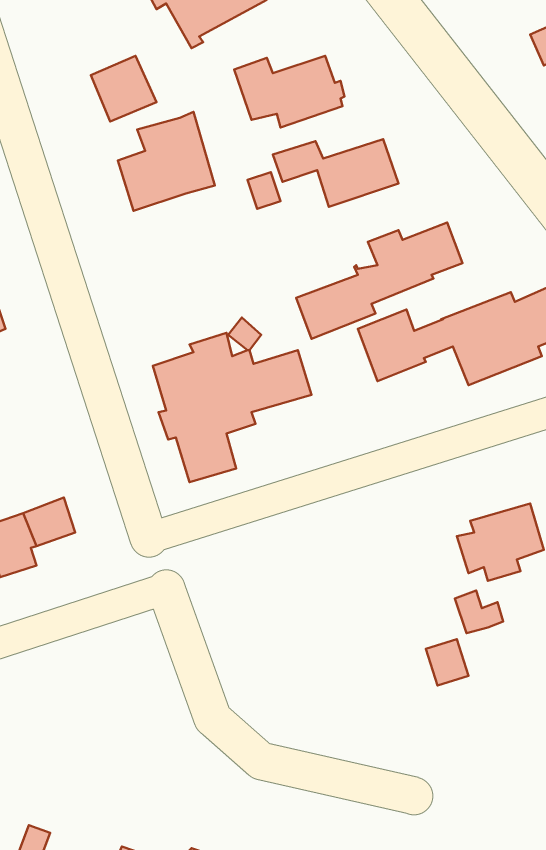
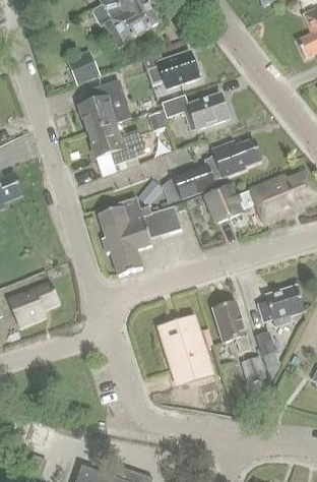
building: none -> [88,123,145,164]
building: none -> [213,302,250,352]
building: none -> [158,315,211,385]

